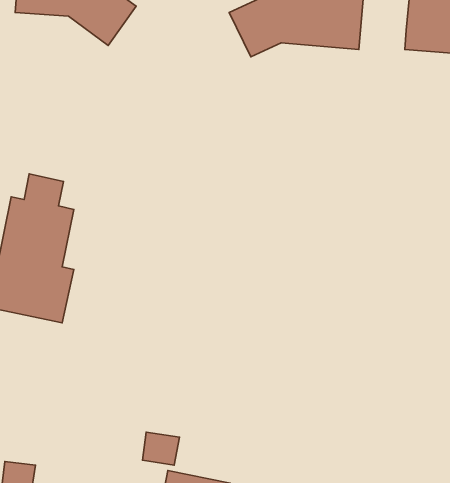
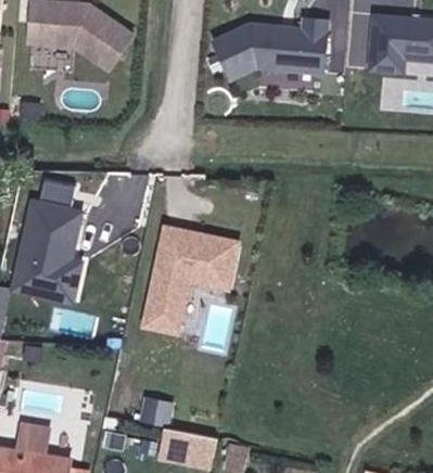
building: none -> [149,227,241,333]

